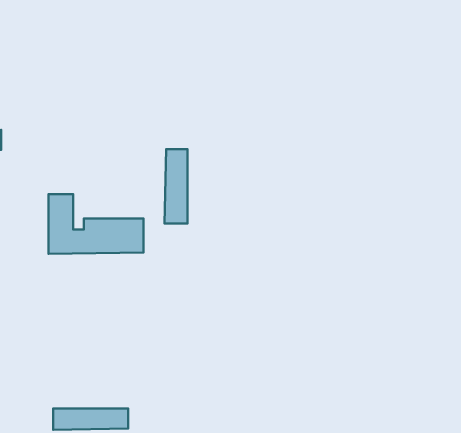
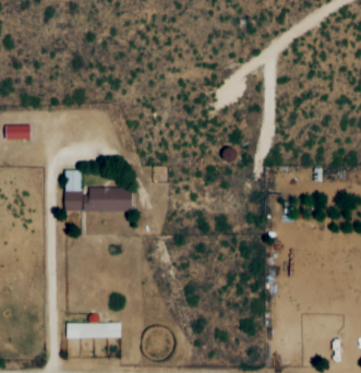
building: [164,149,188,223] -> none

